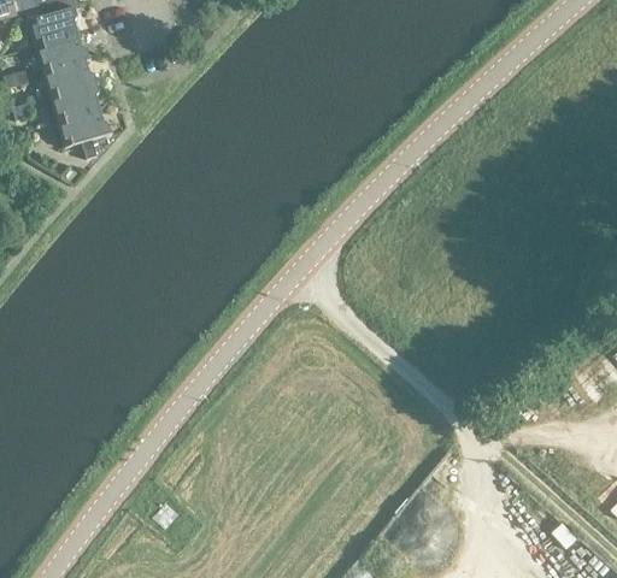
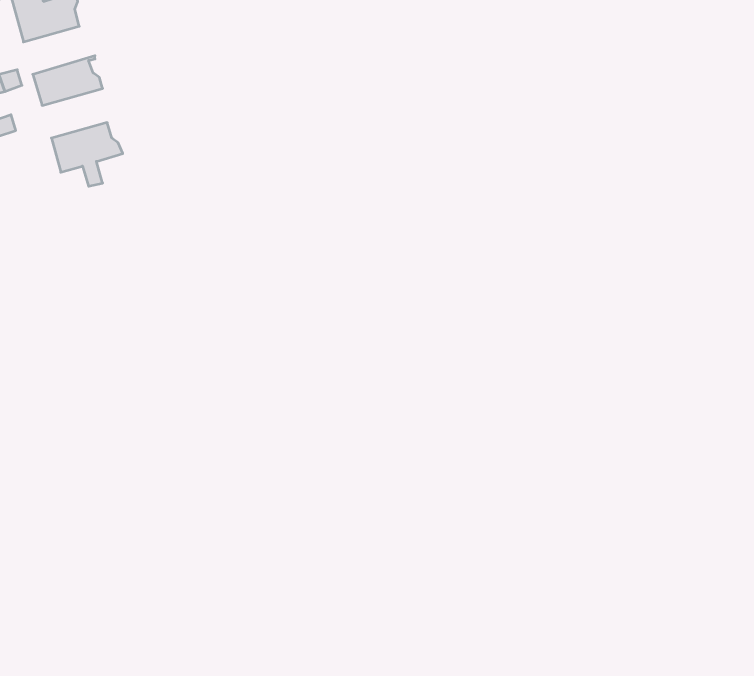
building: [35,31,90,69] -> none
building: [49,79,100,118] -> none

